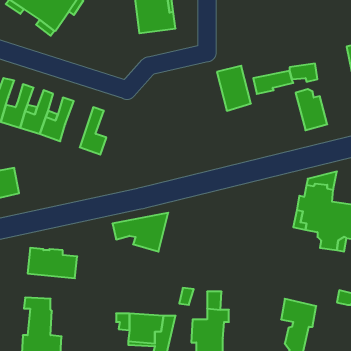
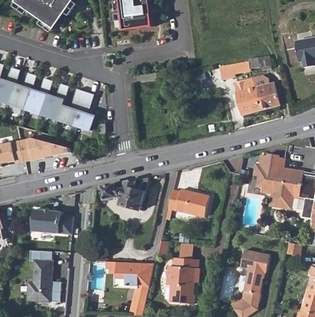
building: [217,66,251,111] -> [232,79,260,116]
building: none -> [58,88,85,124]
building: none -> [20,139,71,162]
building: none -> [164,190,208,220]

